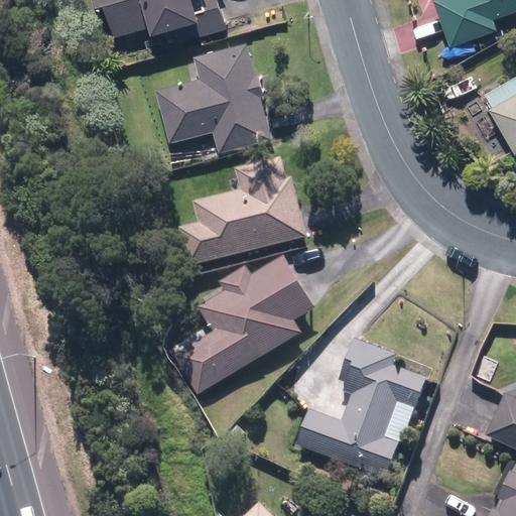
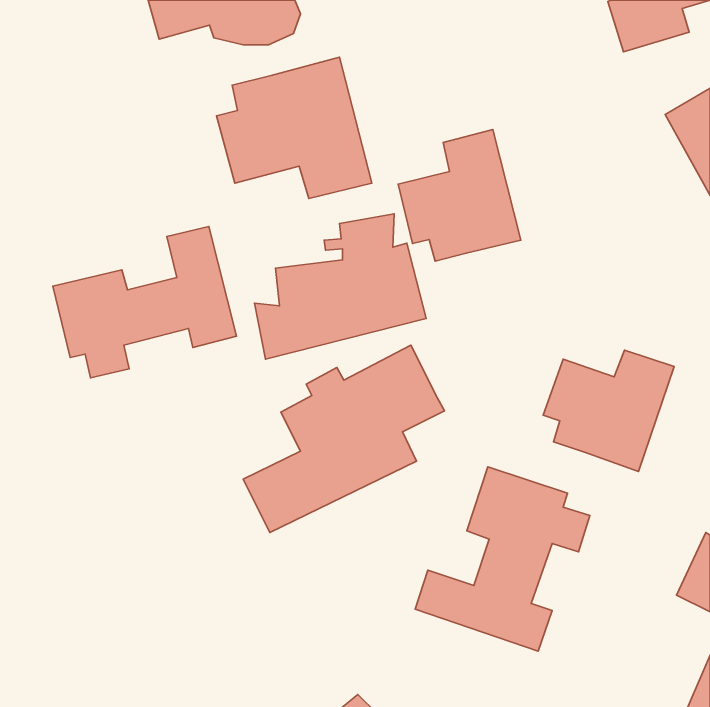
building: none -> [398,130,521,261]
building: none -> [53,227,236,378]
building: none -> [543,350,674,471]

